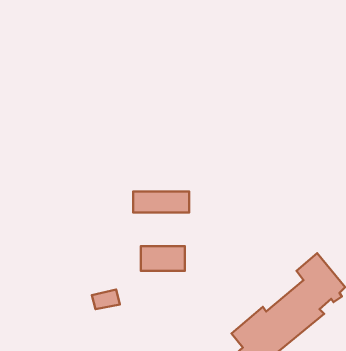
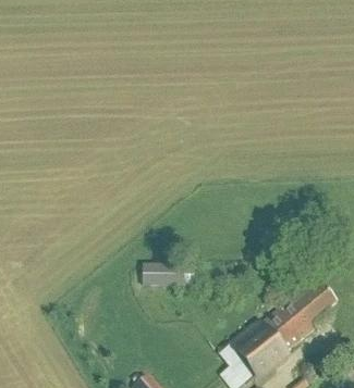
building: [133,191,189,213] -> none

